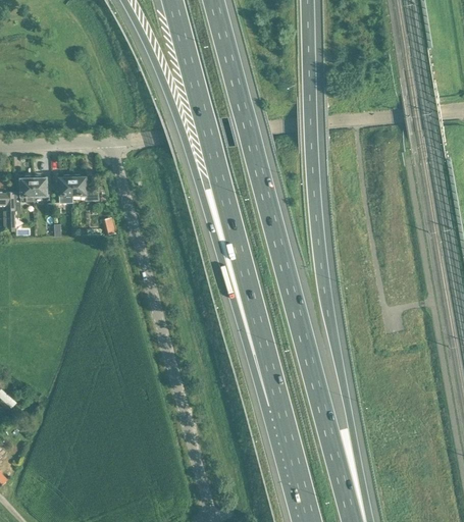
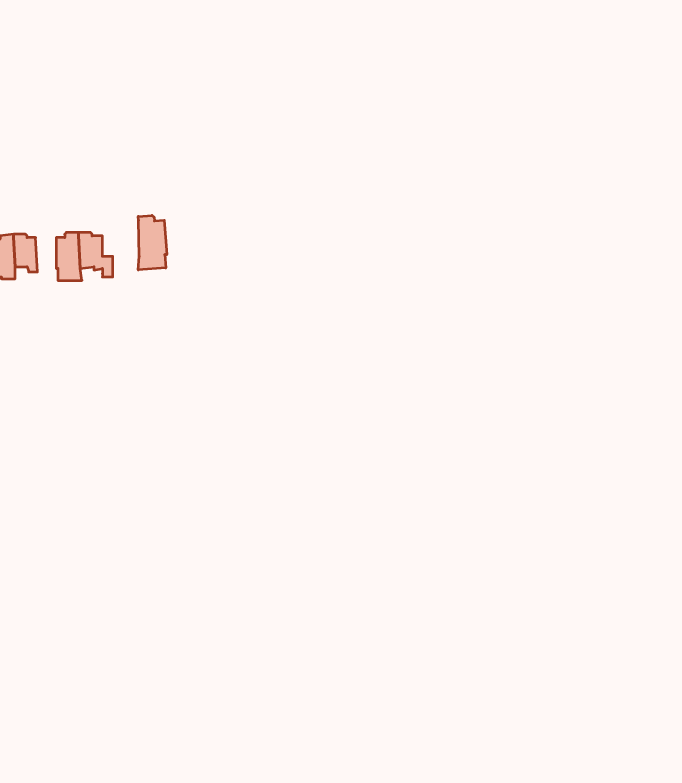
building: none -> [138,215,167,270]

